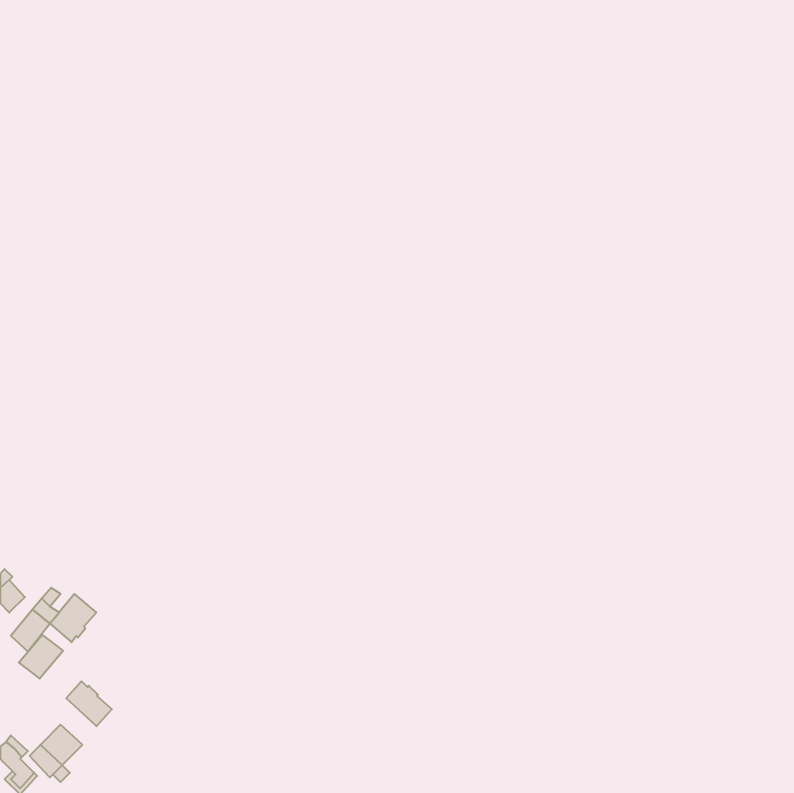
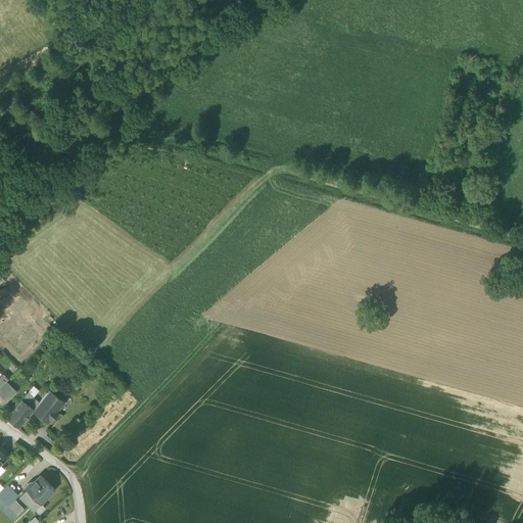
building: [19,635,63,679] -> none
building: [66,681,112,726] -> none

